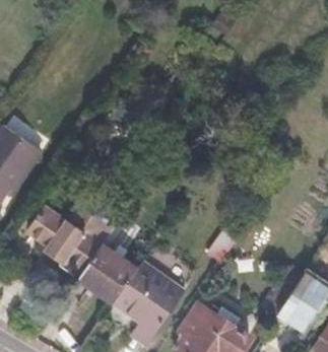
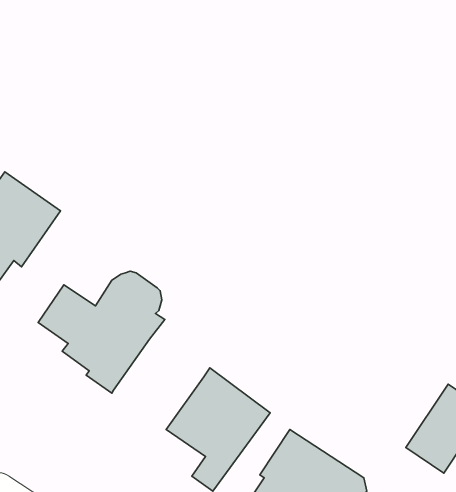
building: [78,241,139,302] -> none

